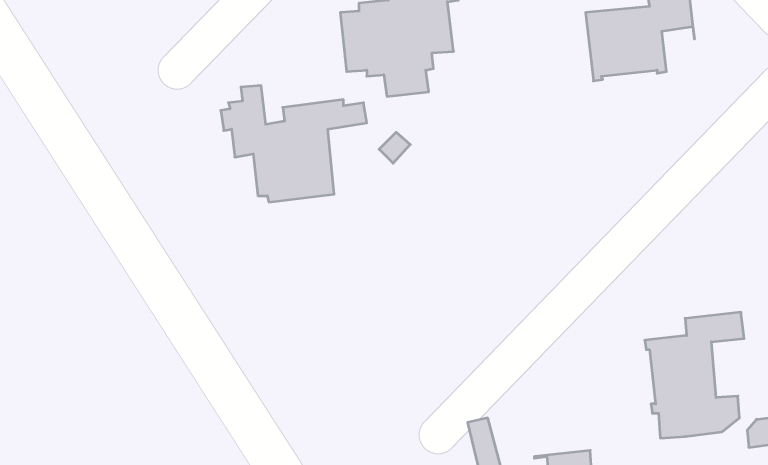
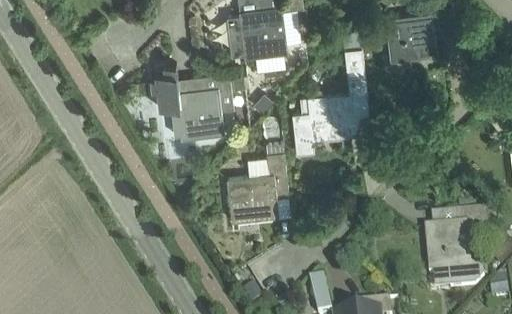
building: none -> [291,50,369,156]
building: none -> [226,154,288,224]

